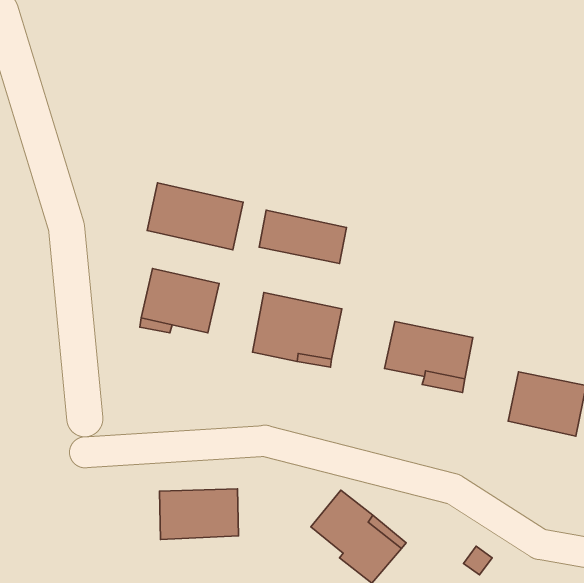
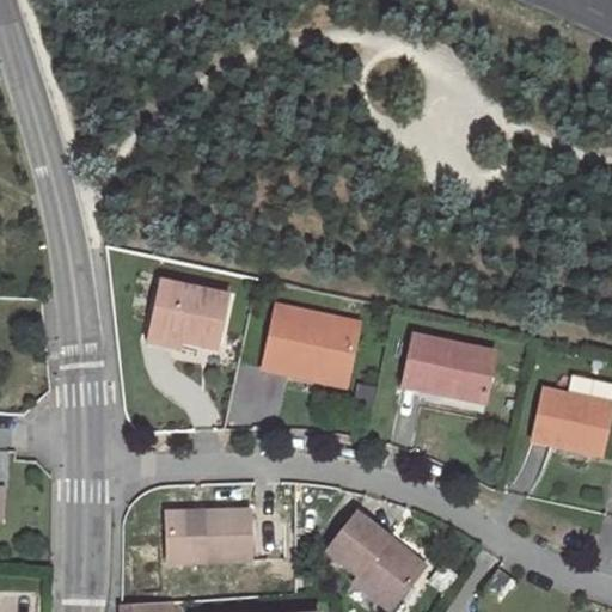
building: [147,183,243,250] -> none
building: [259,210,346,264] -> none

